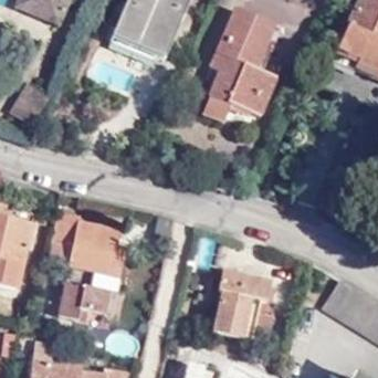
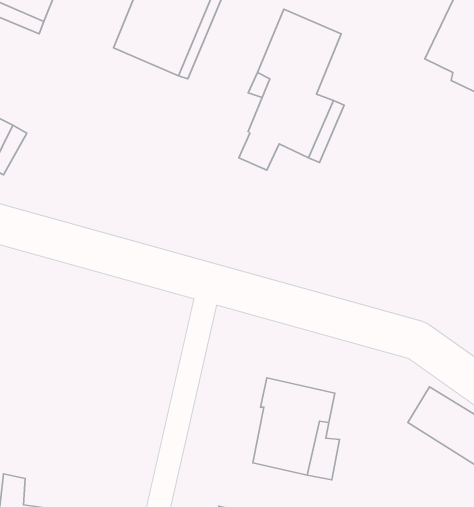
building: [48,213,122,318] -> none

